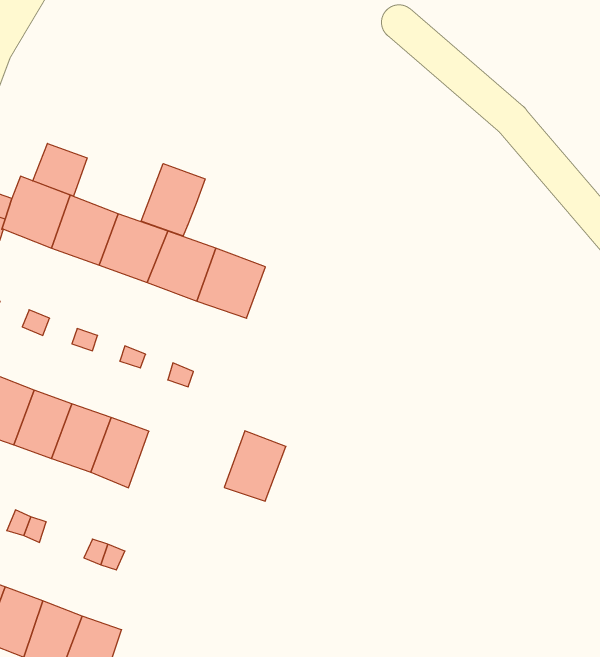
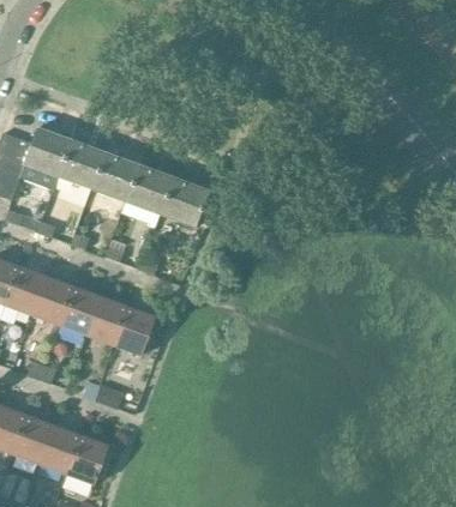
building: [33,143,87,196] -> none
building: [141,164,205,236] -> none
building: [224,431,286,501] -> [113,306,156,355]

